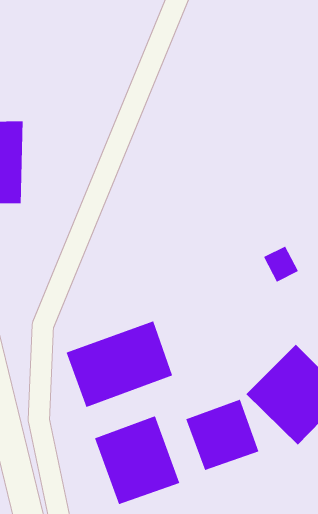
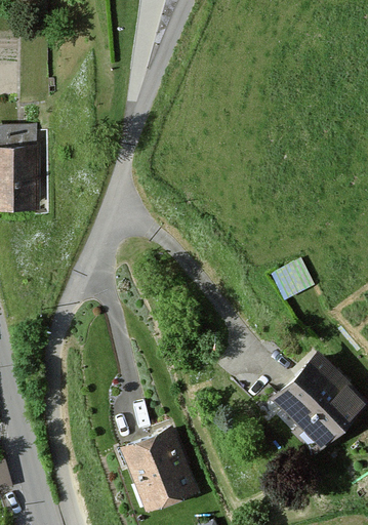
building: [66,321,173,408] -> none
building: [186,399,259,471] -> none

